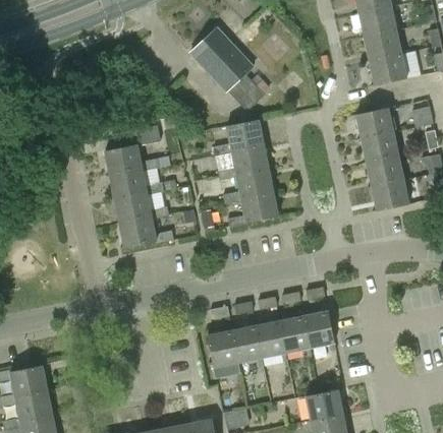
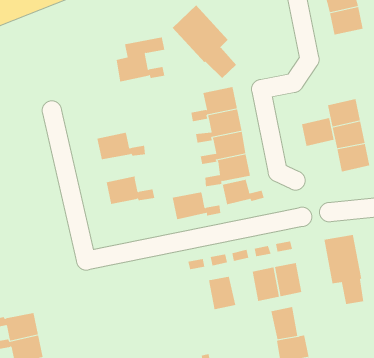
building: [370,56,407,87] -> none
building: [357,108,394,139] -> [301,118,335,146]
building: [106,126,160,176] -> [116,37,165,82]
building: [115,193,169,224] -> [172,192,221,220]
building: none -> [222,179,264,205]
building: none -> [324,234,364,305]
building: [256,321,286,358] -> [270,306,298,340]
building: [207,330,240,378] -> none

